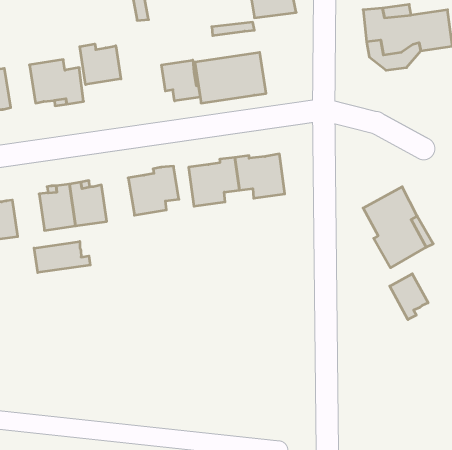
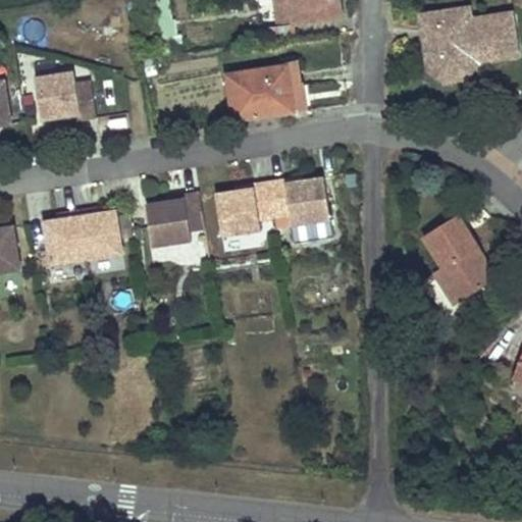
building: [80,44,121,85] -> none
building: [162,60,200,101] -> none
building: [34,241,90,273] -> none
building: [390,274,428,320] -> none

